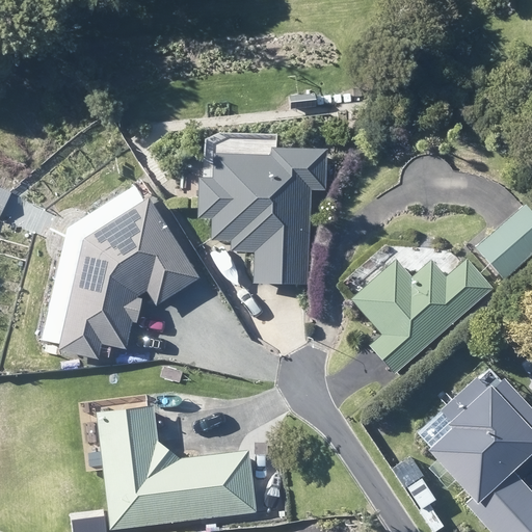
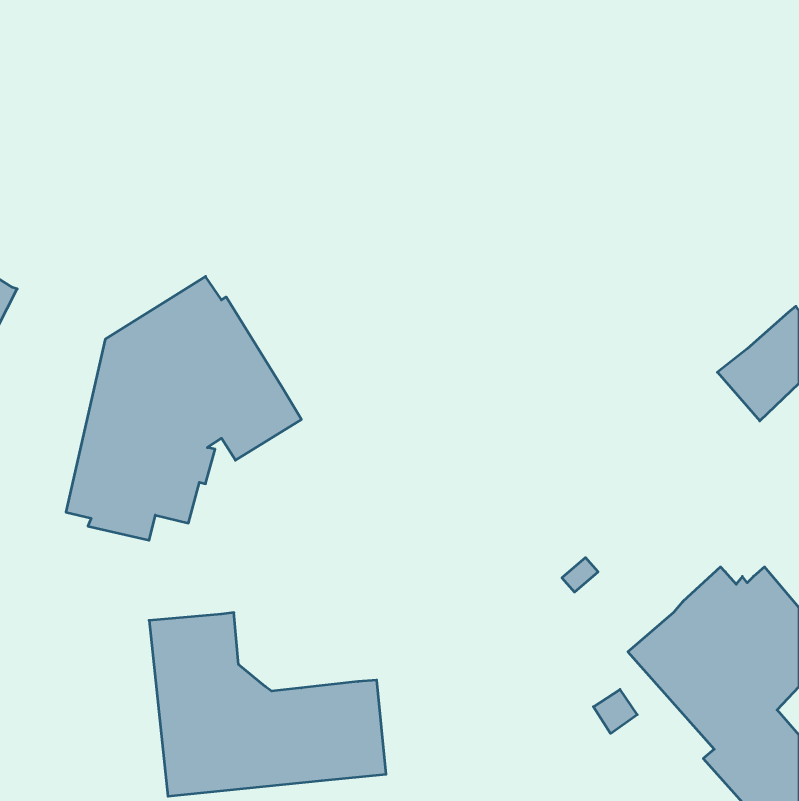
building: [196,147,327,284] -> none
building: [352,257,491,373] -> none

